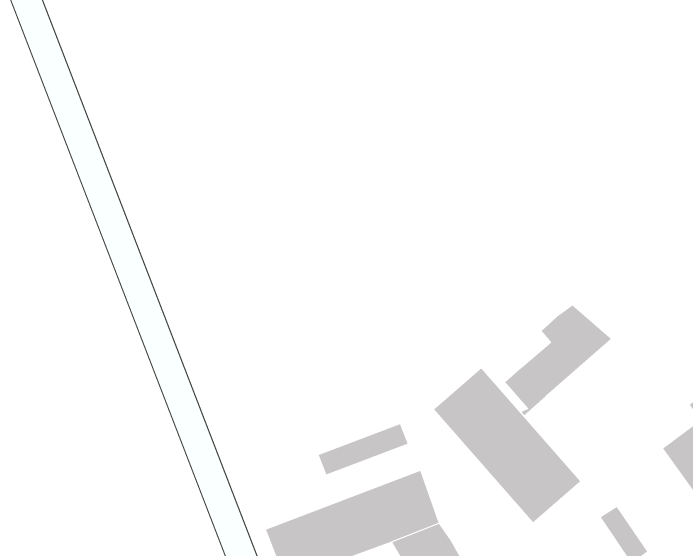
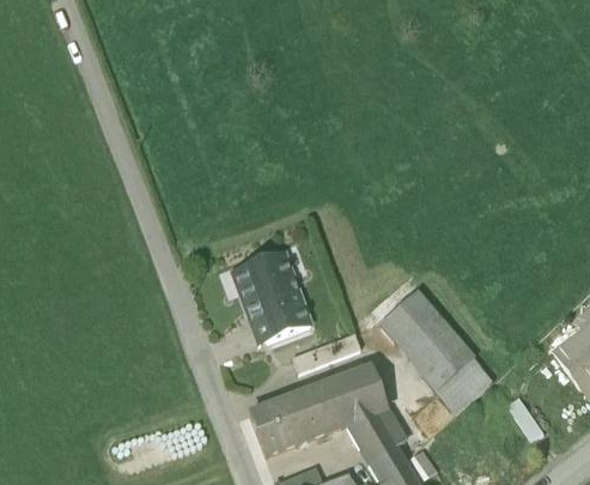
building: [505,305,612,416] -> none
building: none -> [232,254,310,344]

